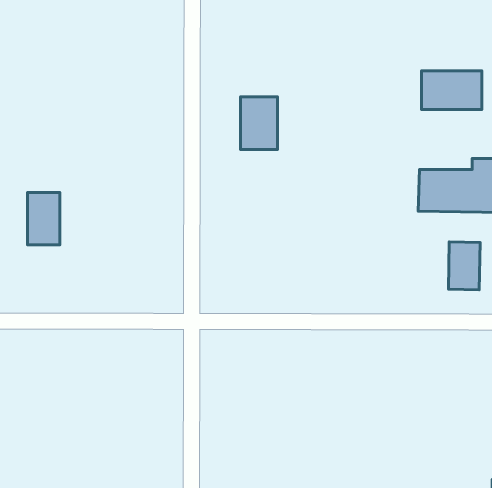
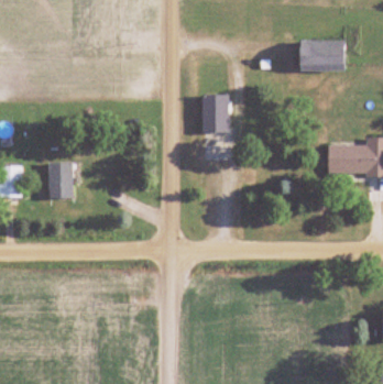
building: [422,71,482,109] -> [300,41,343,68]
building: [448,242,480,290] -> none

